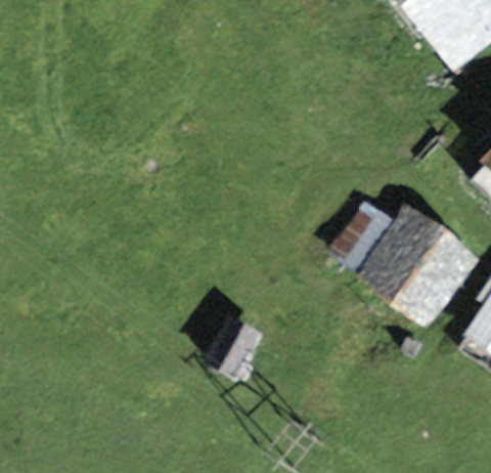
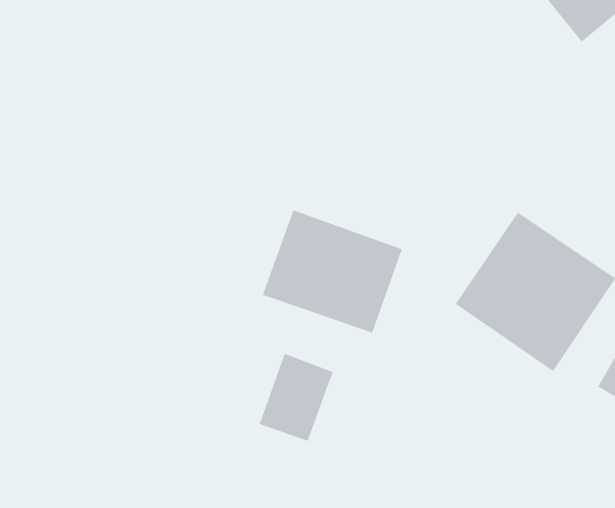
building: none -> [262,209,402,334]

